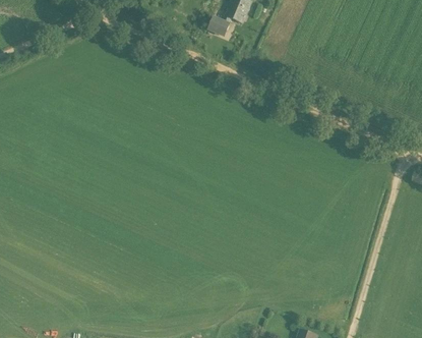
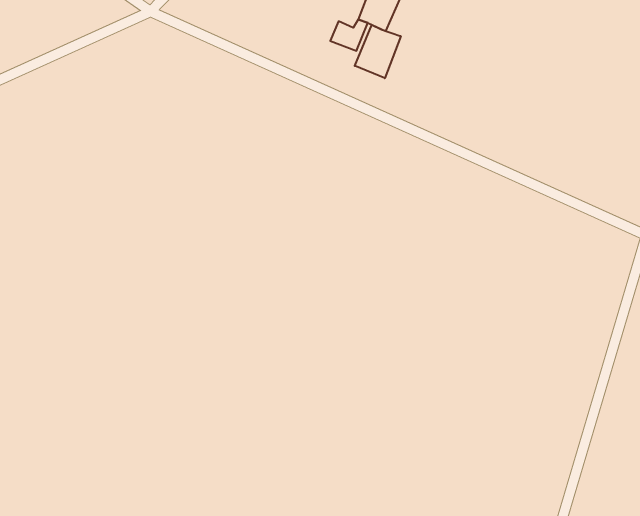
building: none -> [355,25,401,78]

